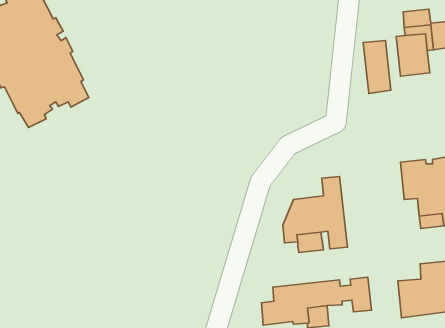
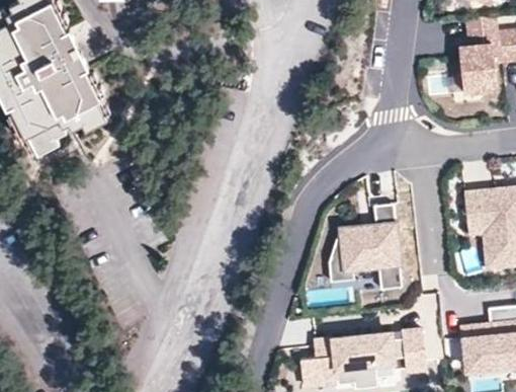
building: [363,41,391,94] -> none

